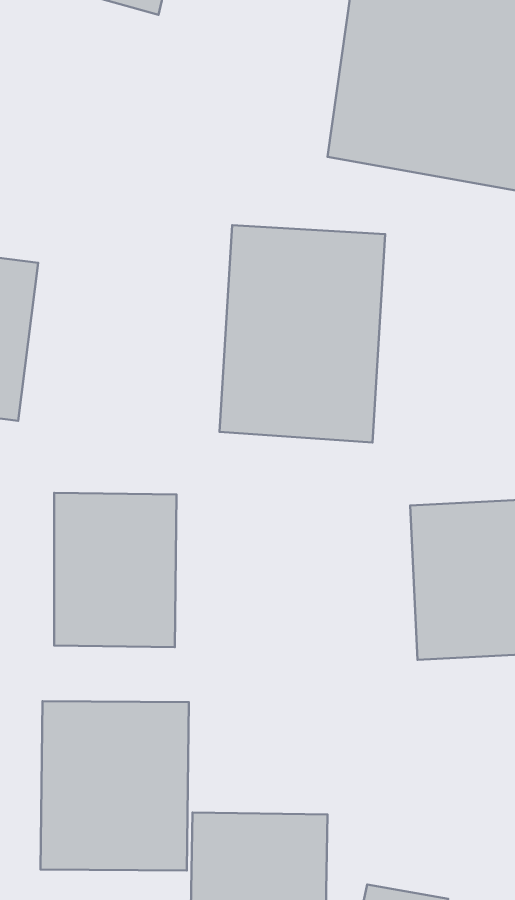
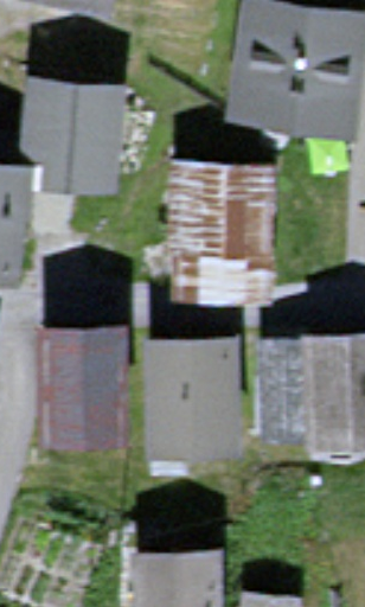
building: none -> [21,69,137,185]
building: none -> [149,343,246,458]
building: [40,701,189,871] -> none

